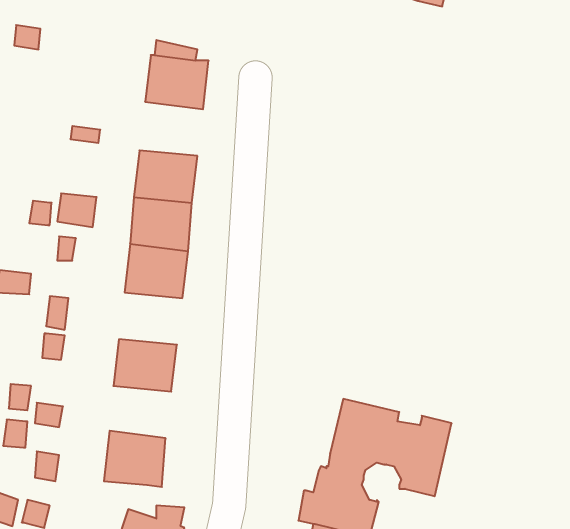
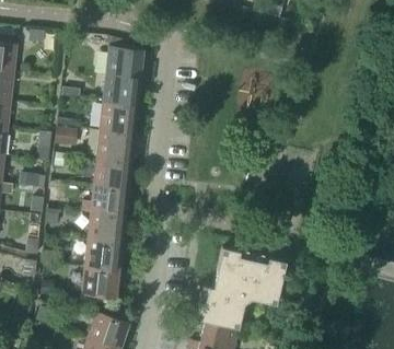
building: none -> [103,73,140,105]
building: none -> [82,185,128,216]
building: none -> [85,240,121,270]

